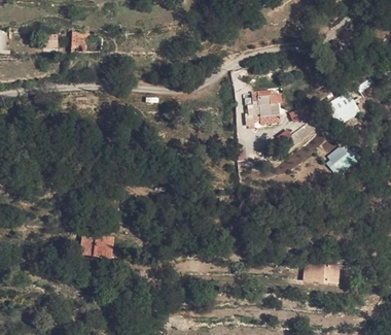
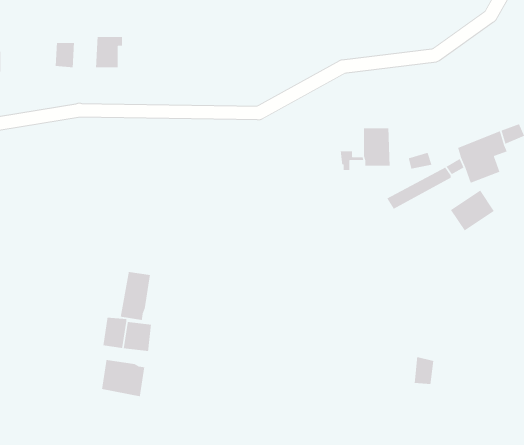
building: none -> [120,271,151,321]
building: none -> [101,359,145,397]
building: [311,262,333,283] -> none

